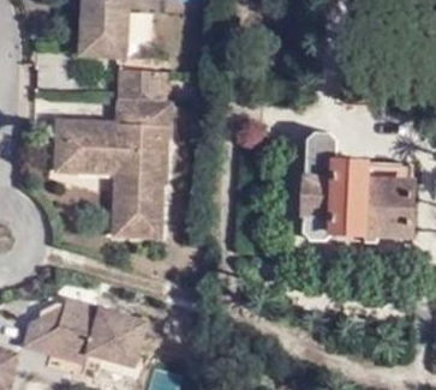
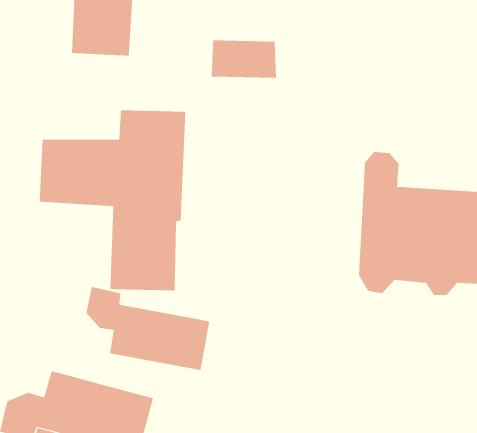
building: [118,68,169,98] -> [211,40,277,78]
building: none -> [86,286,210,371]

